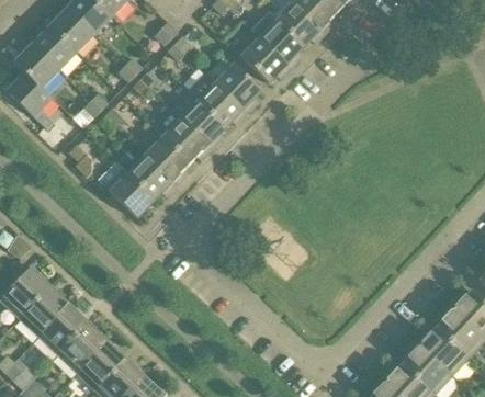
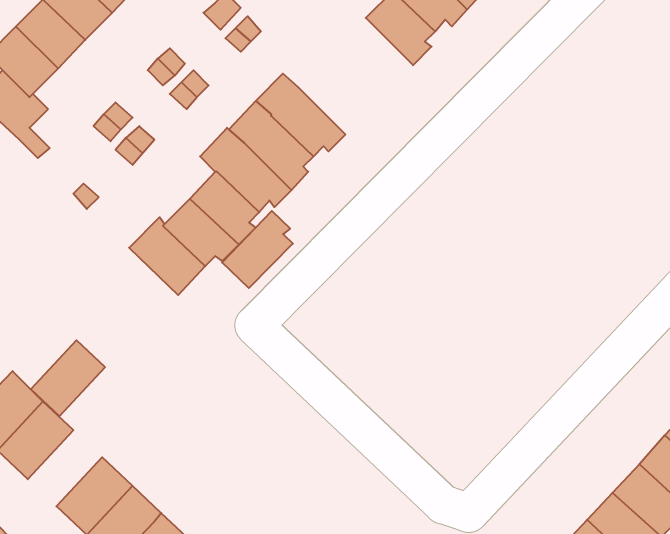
building: [236,36,291,81] -> none
building: [216,63,262,112] -> none
building: none -> [222,211,293,288]
building: [41,304,89,353] -> [31,340,105,416]

